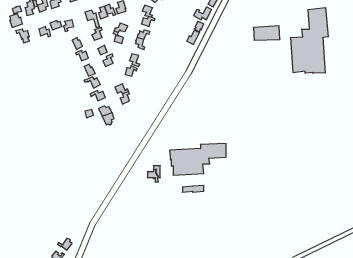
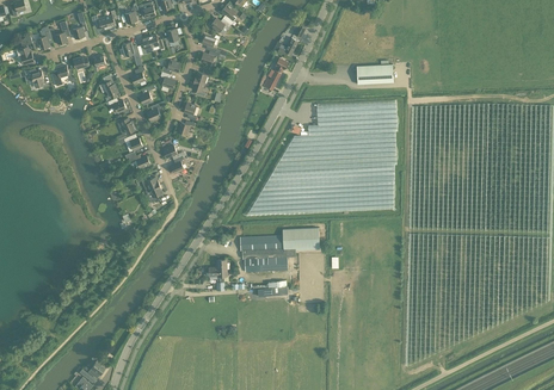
building: [291,8,328,73] -> none

